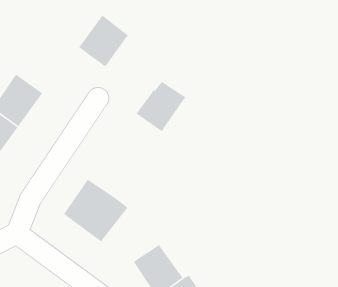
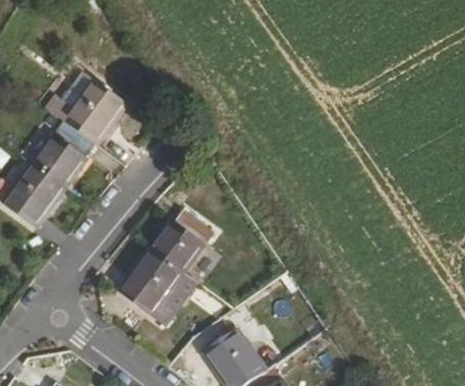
building: [78,14,129,67] -> [60,77,122,143]
building: [135,81,186,132] -> [150,208,212,271]

